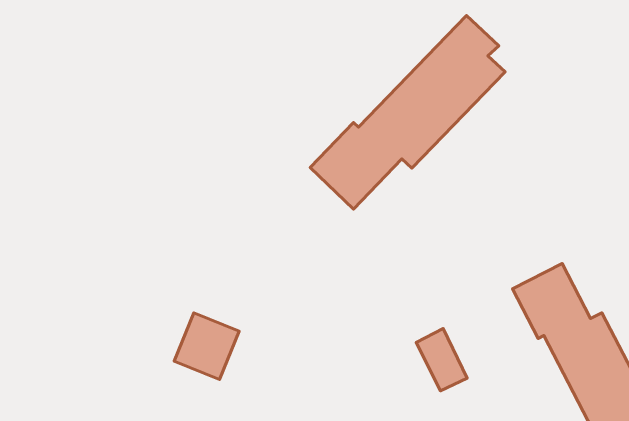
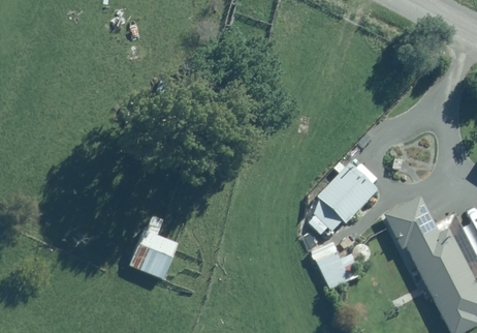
building: [310,15,505,209] -> none
building: none -> [318,163,378,223]

